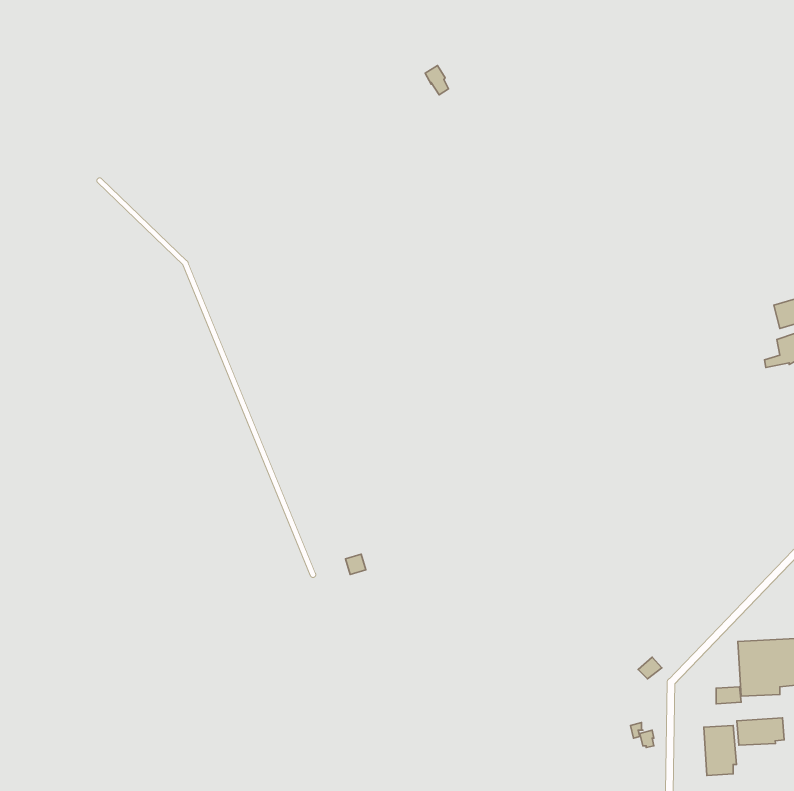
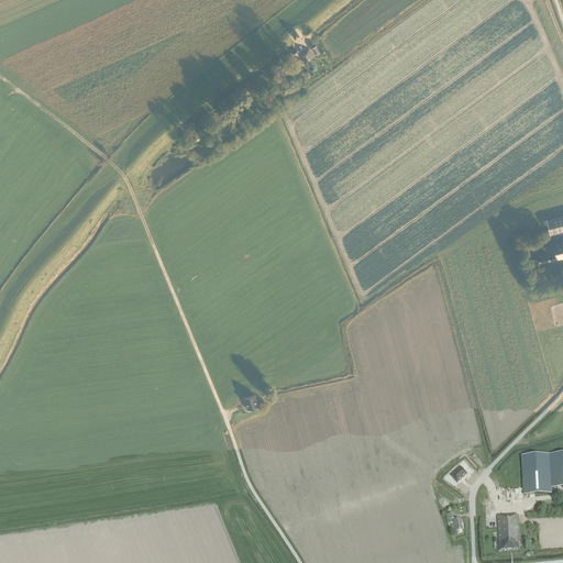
building: [737,718,784,745] -> none

